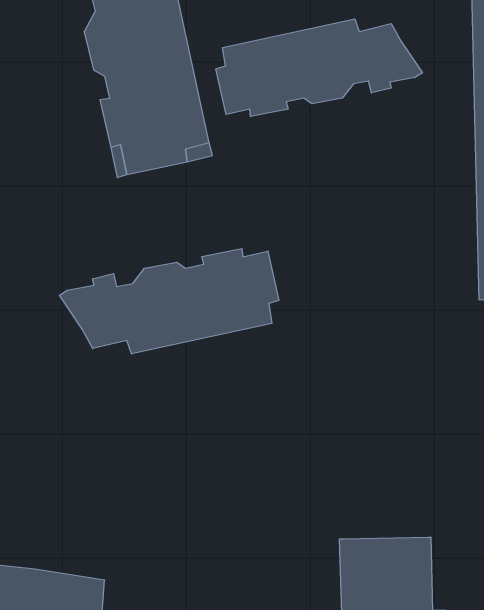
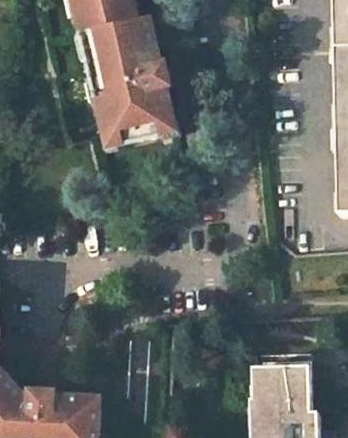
building: [216,19,422,117] -> none
building: [59,249,279,354] -> none

